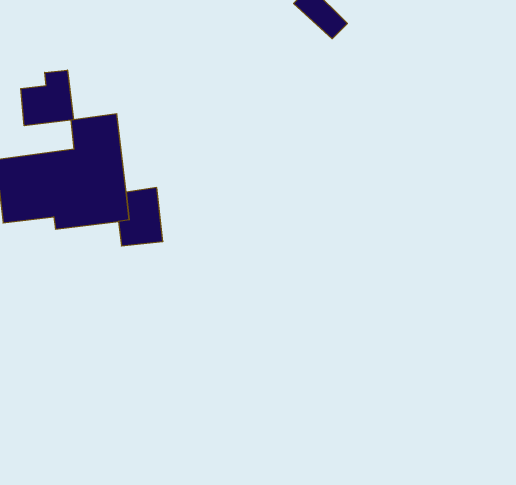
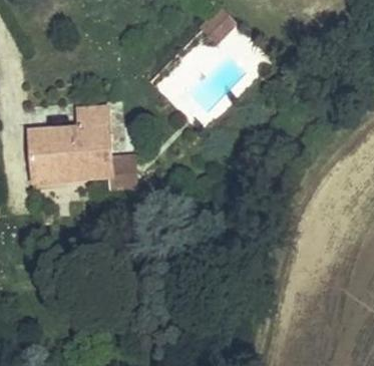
building: [21,70,74,126] -> none

